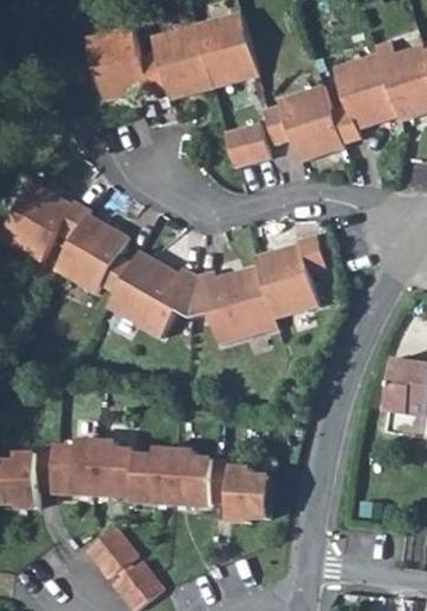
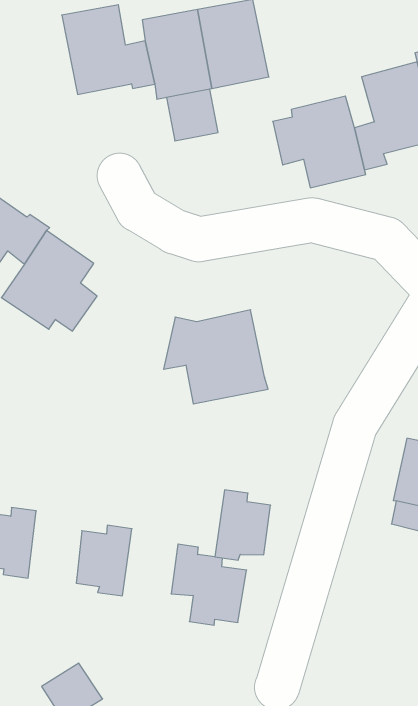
building: [224,123,268,167] -> [166,89,218,141]
building: [255,234,326,317] -> none
building: [107,249,197,338] -> none
building: [94,440,136,495] -> none
building: [172,449,213,505] -> [215,490,271,560]
building: [86,526,136,578] -> none

